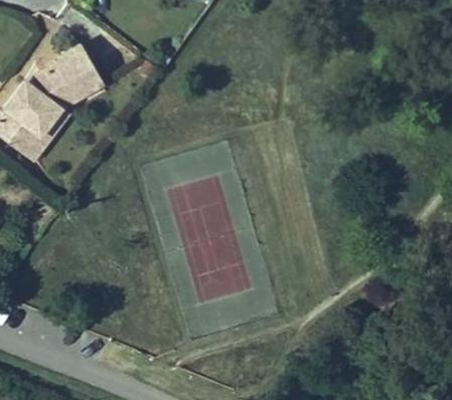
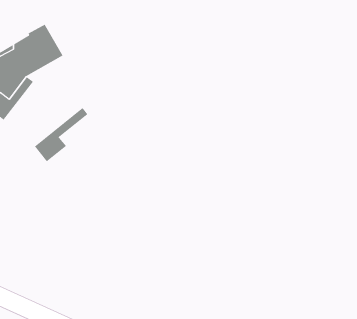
building: none -> [34,107,88,162]

